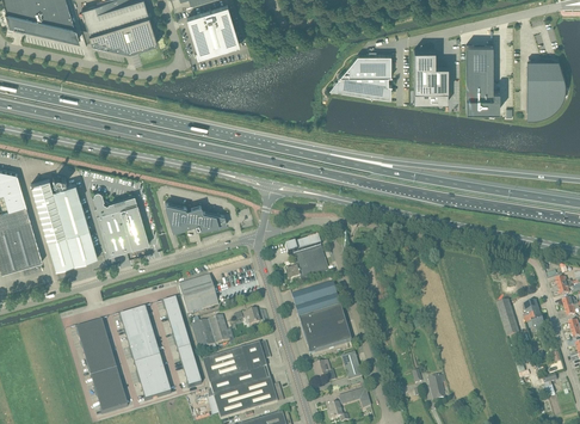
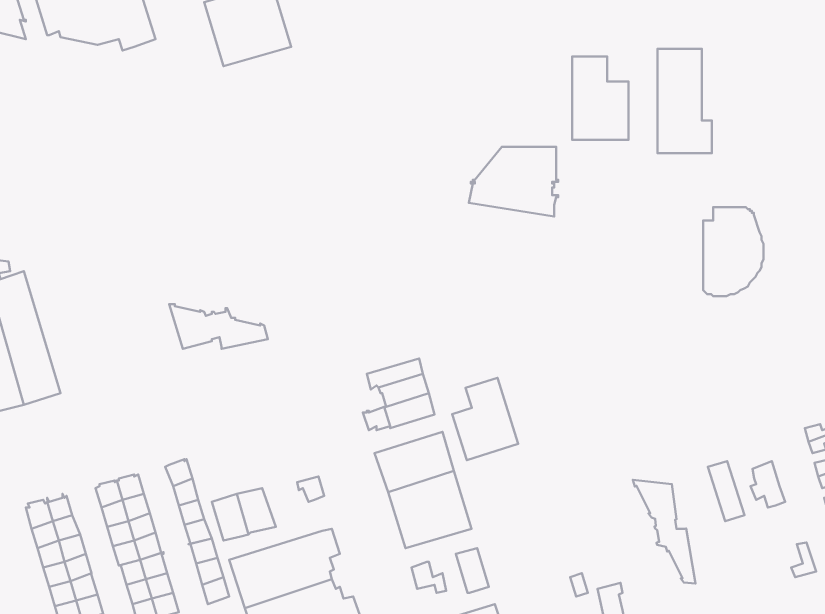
building: [337,55,391,98] -> [469,147,558,217]
building: [526,60,563,115] -> [703,207,763,296]
building: [92,192,149,256] -> none
building: none -> [452,378,518,460]
building: [179,276,218,314] -> none
building: none -> [633,480,696,584]

